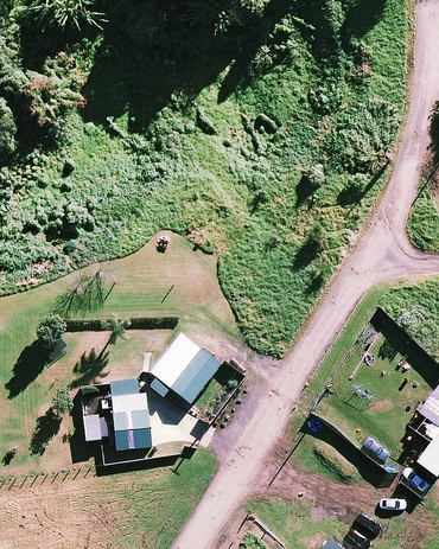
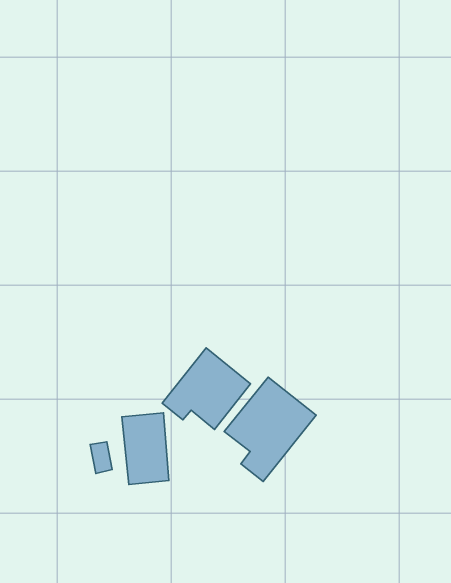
building: none -> [224,377,316,481]

